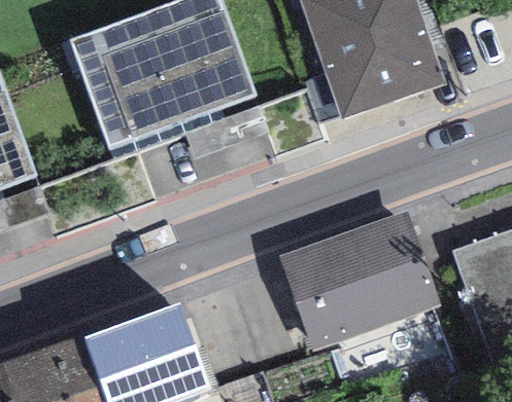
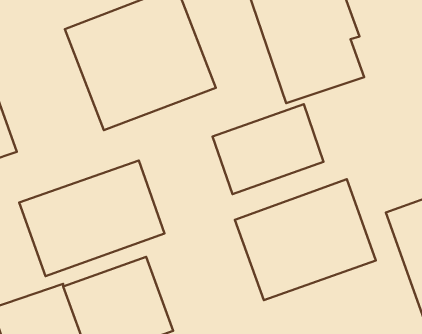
building: none -> [212,104,324,194]
building: none -> [19,160,165,276]

